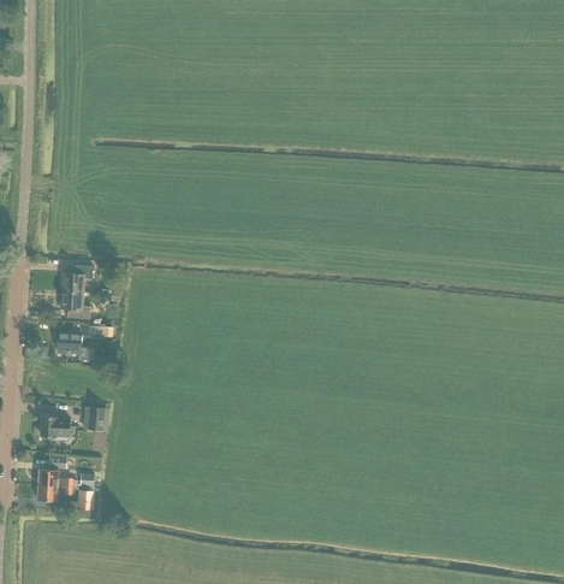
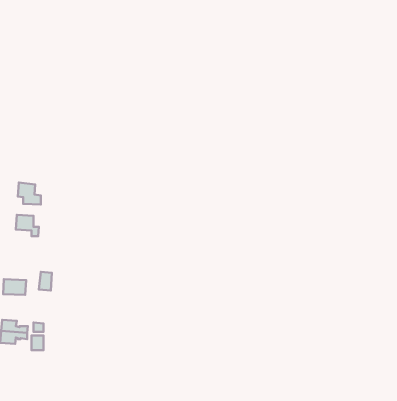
building: [60,264,93,291] -> none

